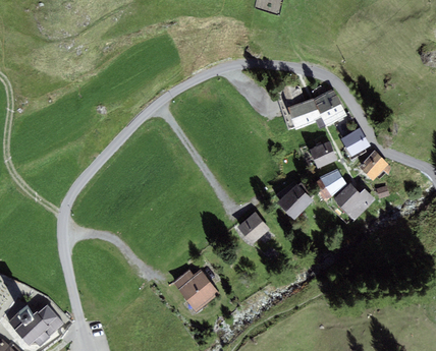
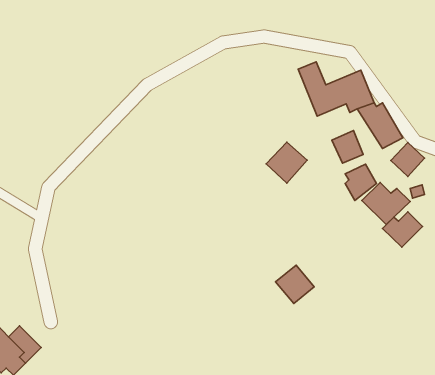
building: [278,184,313,219] -> [266,142,307,183]
building: none -> [382,212,422,247]
building: [235,212,268,244] -> [276,265,314,304]
building: [173,271,219,312] -> none

